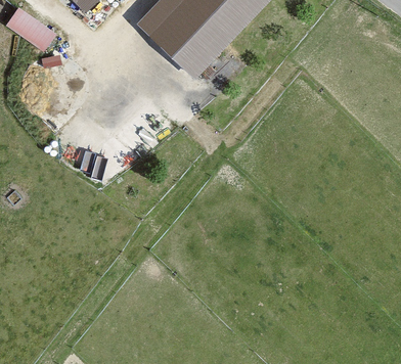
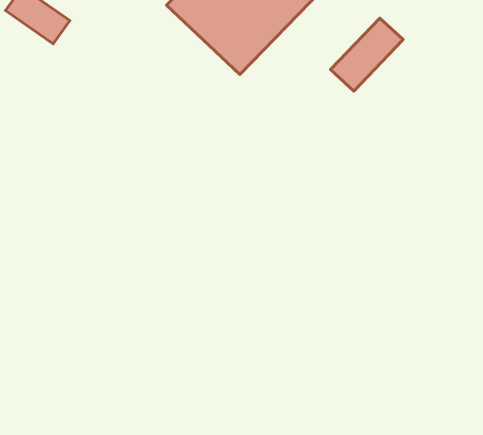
building: none -> [331,18,403,91]

